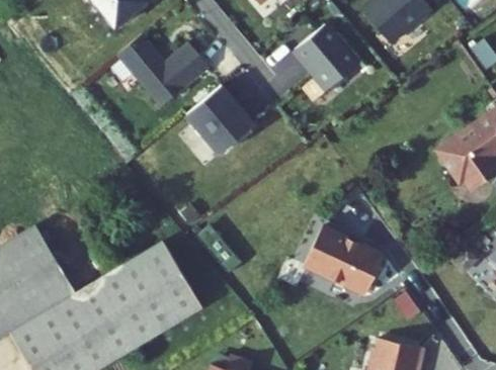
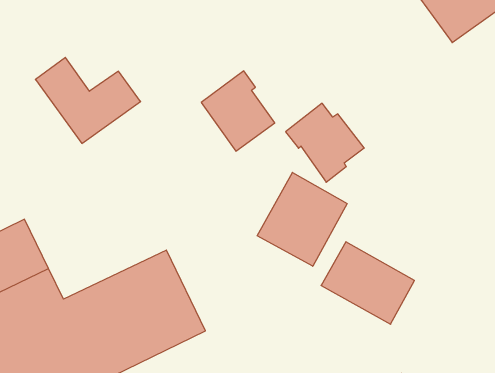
building: [294,22,362,90] -> [286,103,364,182]
building: [116,35,209,108] -> [35,57,141,143]
building: none -> [257,172,347,266]

